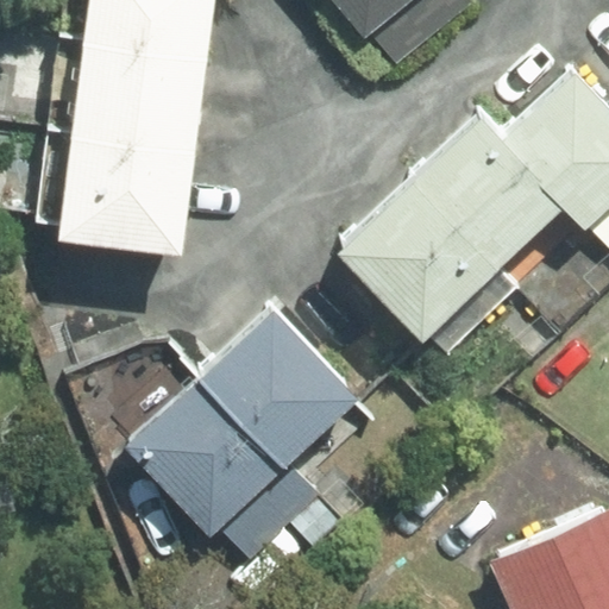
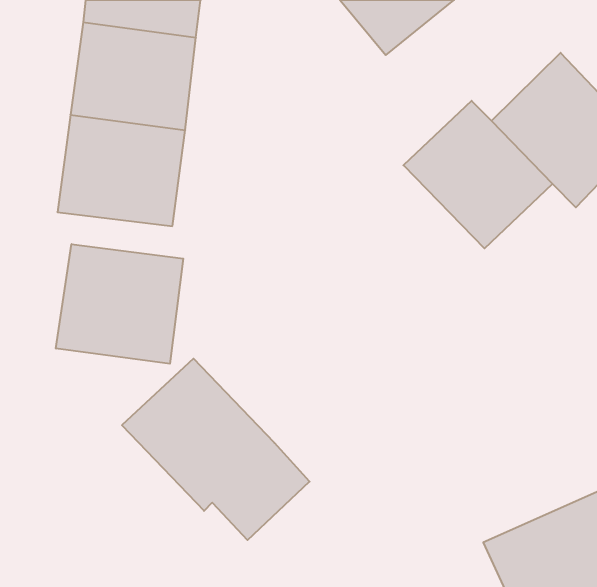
building: [343,180,519,357] -> none
building: none -> [56,244,183,364]
building: [199,307,353,462] -> none

